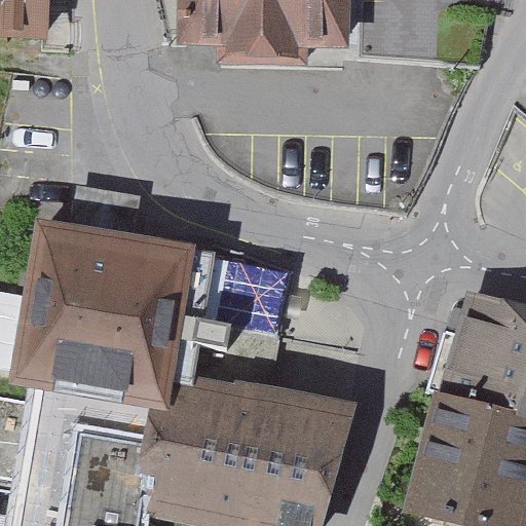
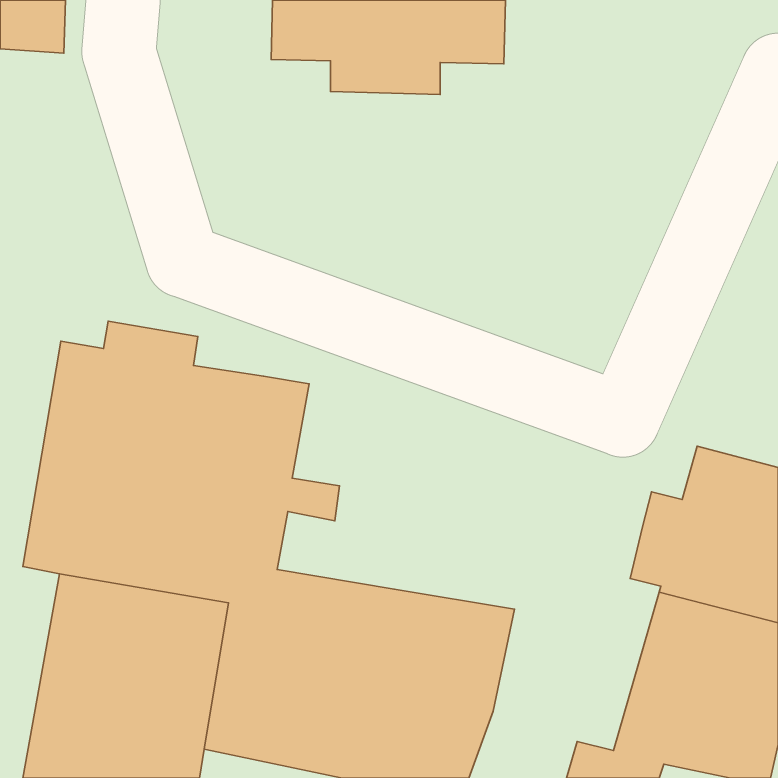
building: [178,236,292,398] -> none

